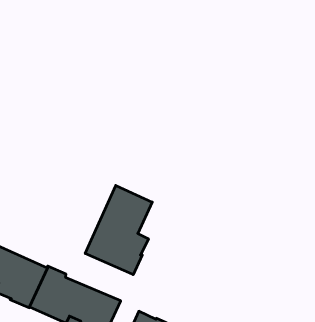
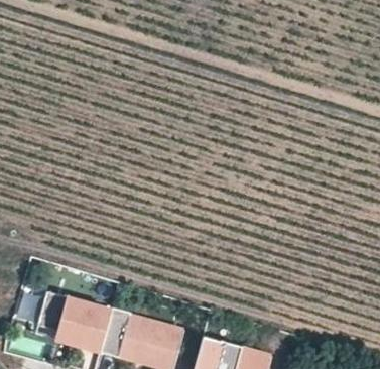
building: [85,185,152,275] -> none

